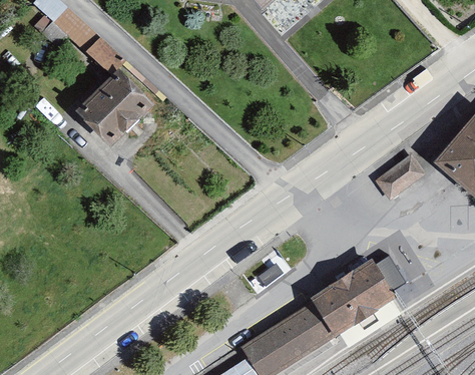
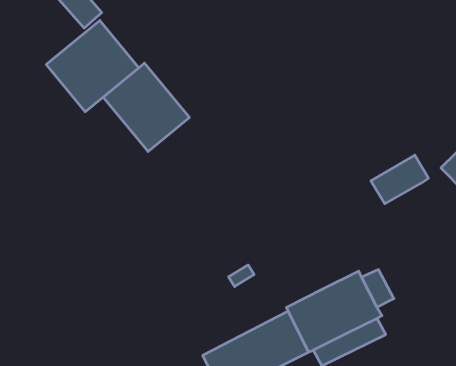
building: none -> [103,63,189,152]

